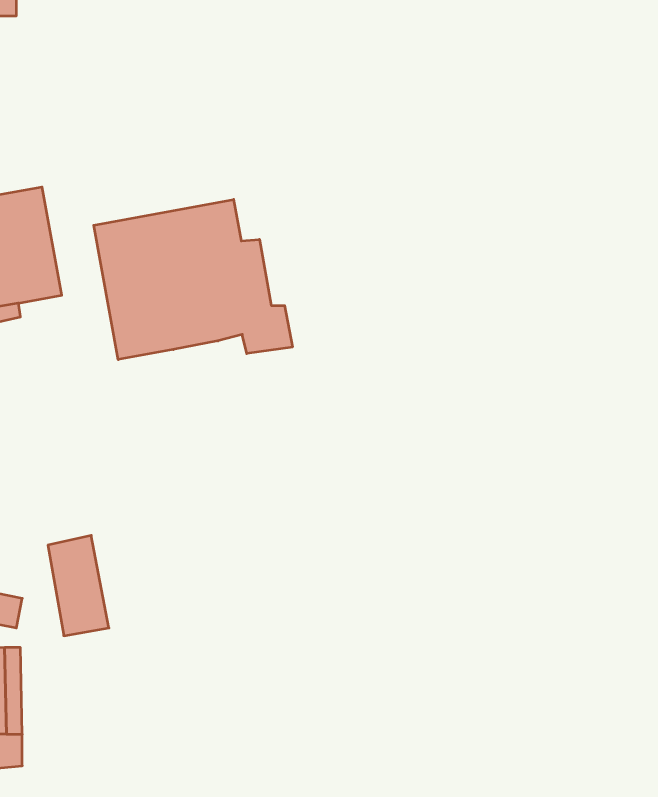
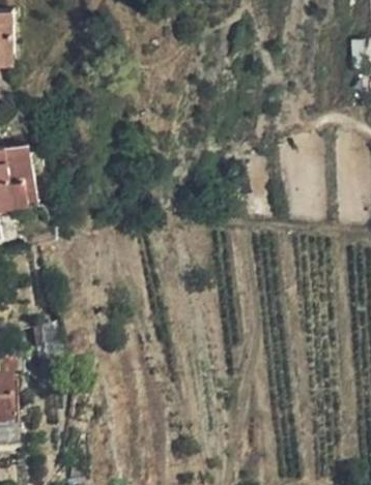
building: [94,199,292,360] -> none

